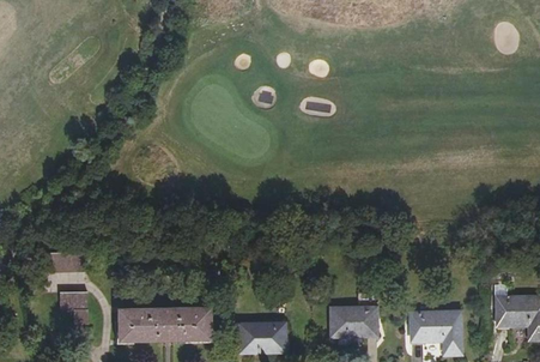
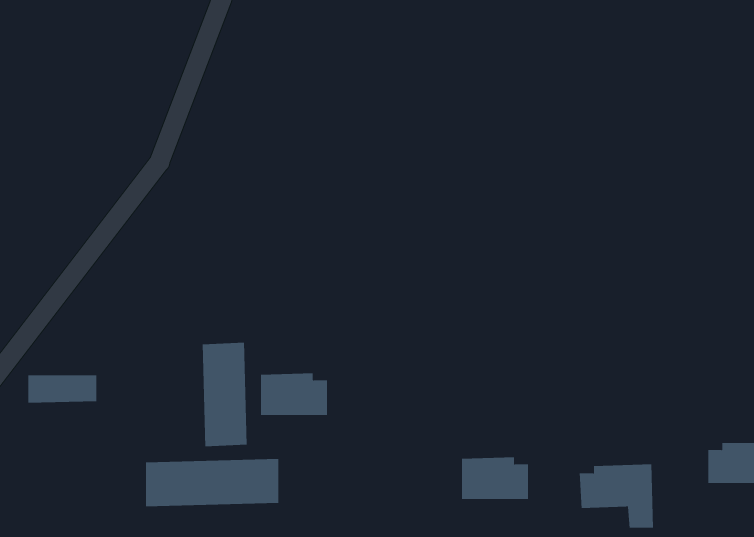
building: none -> [202,342,247,447]
building: [60,291,89,324] -> none
building: [239,322,285,351] -> [260,373,328,416]

